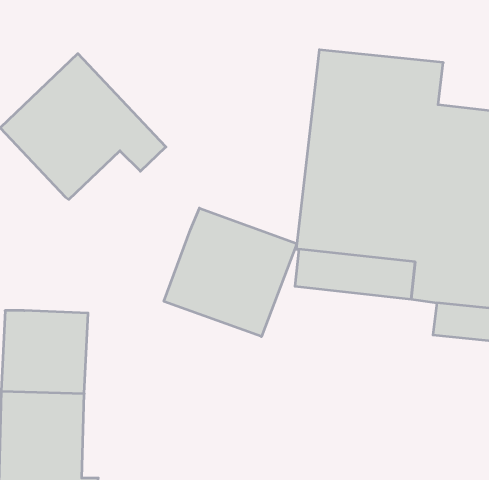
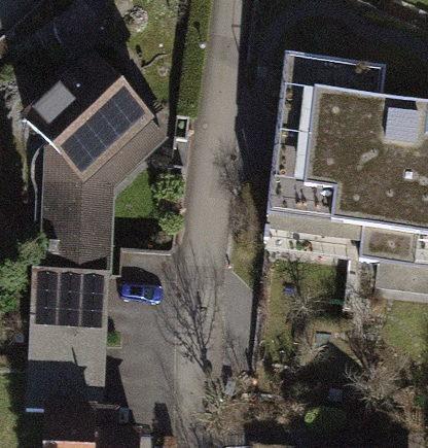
building: none -> [50,136,144,267]
building: [164,208,297,337] -> none

